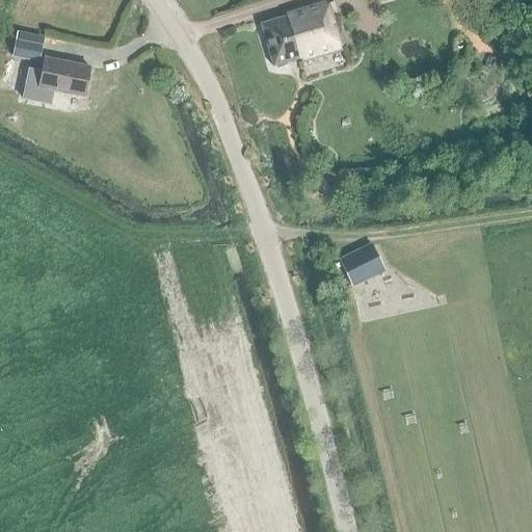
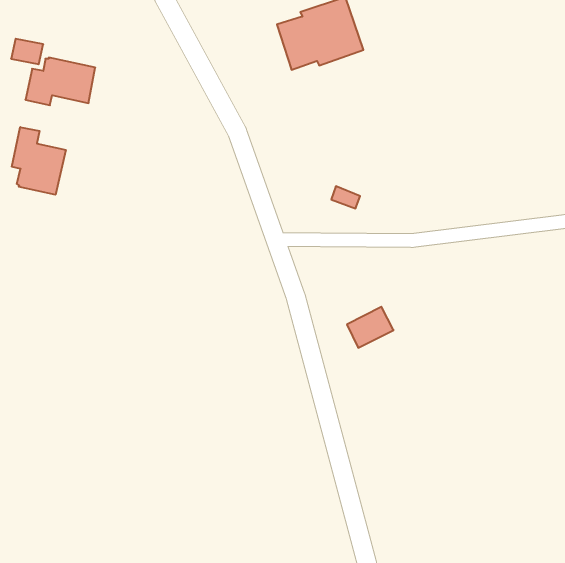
building: none -> [12,127,66,195]
building: [341,243,384,282] -> [347,307,394,348]

